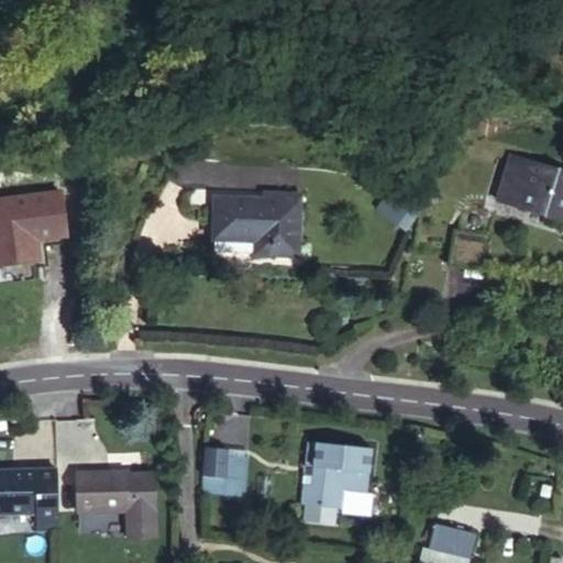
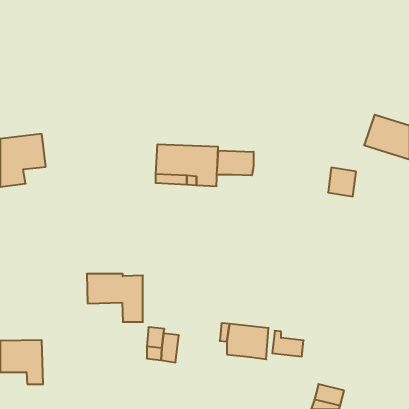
building: none -> [217,150,254,175]
building: [78,472,155,538] -> [87,274,143,322]
building: [300,476,343,511] -> [272,331,304,356]

